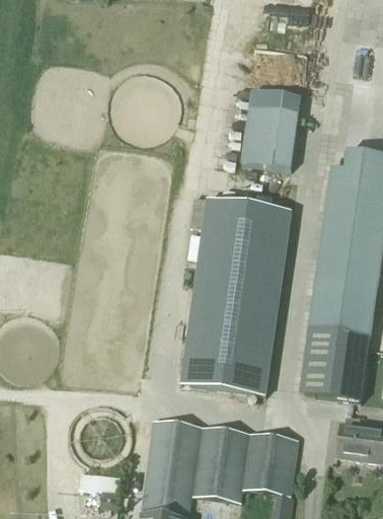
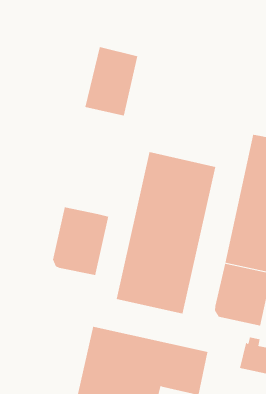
building: [240,89,301,172] -> [85,46,138,116]
building: none -> [52,206,109,276]

